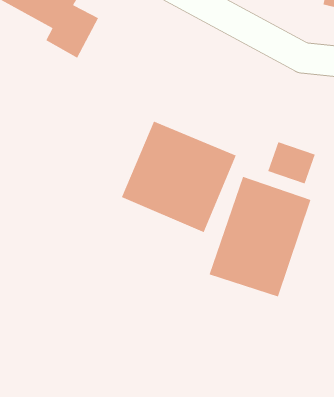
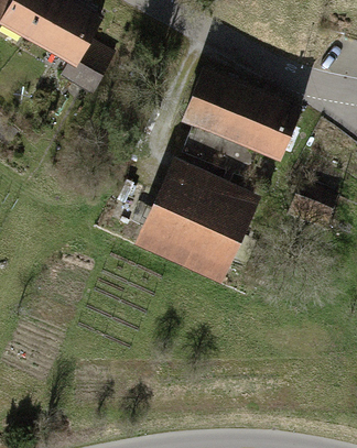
building: none -> [178,63,301,159]
building: [209,176,312,297] -> none

